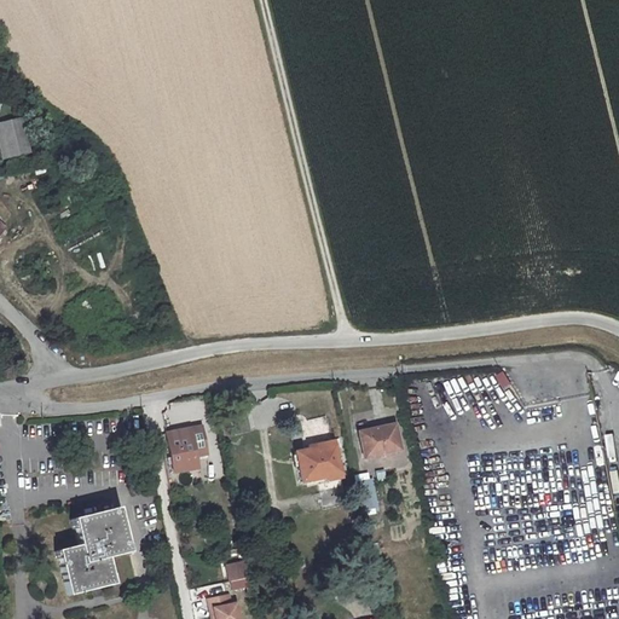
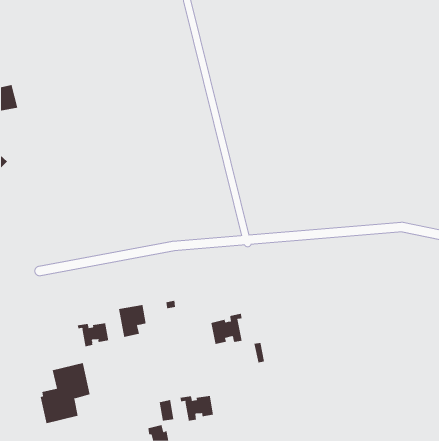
building: [360,424,401,457] -> none
building: none -> [77,323,109,347]
building: none -> [180,395,214,422]

